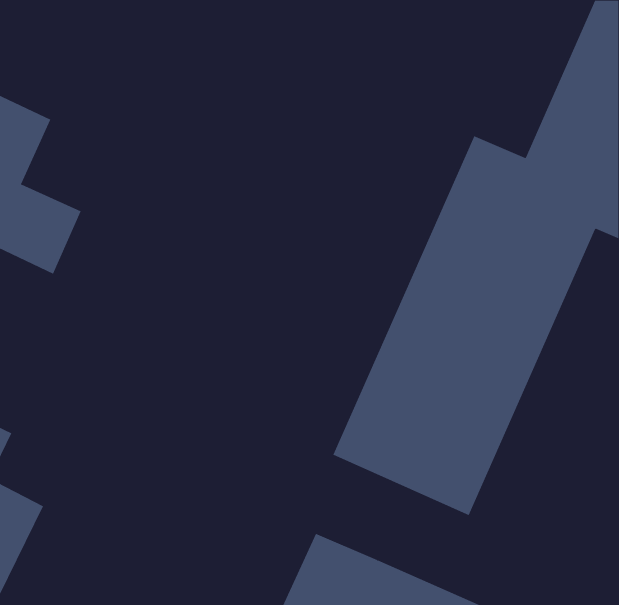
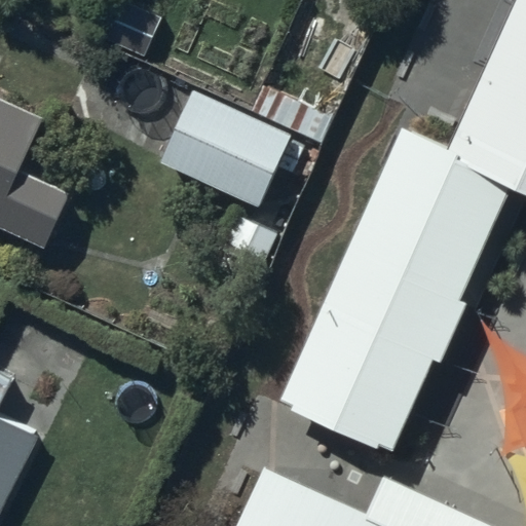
building: none -> [158,90,291,209]

